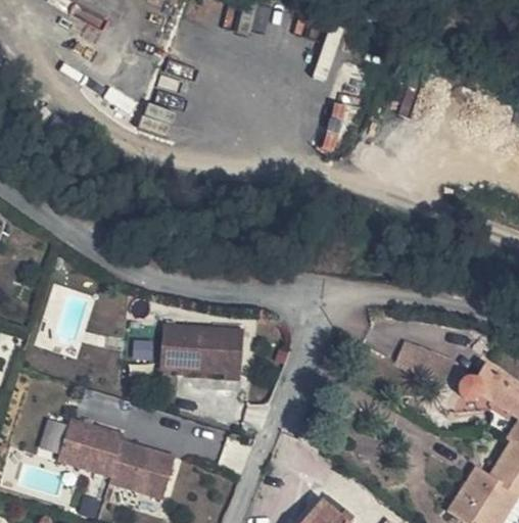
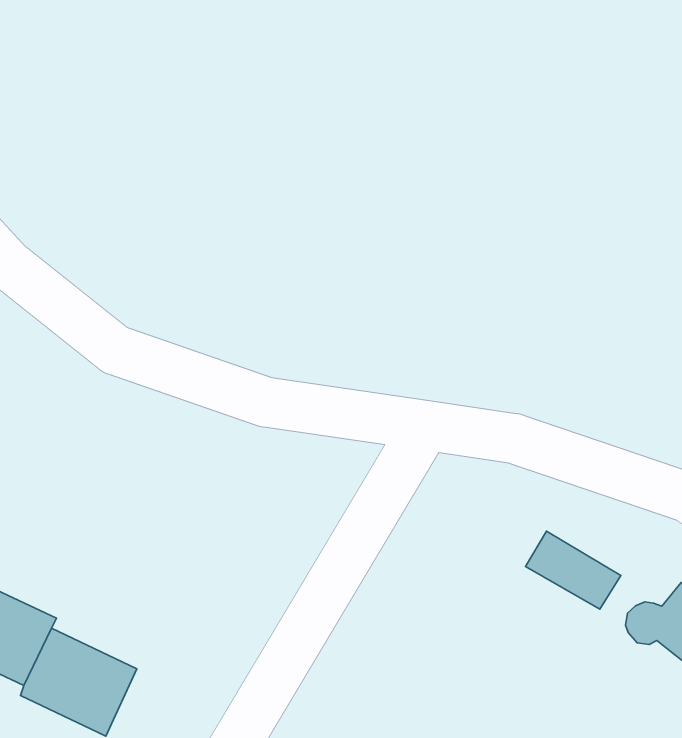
building: [161,324,245,380] -> none

